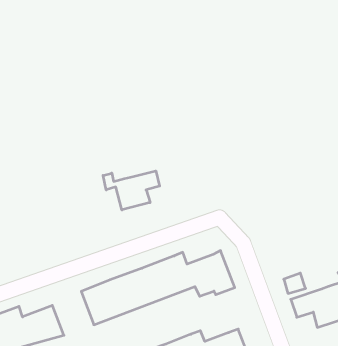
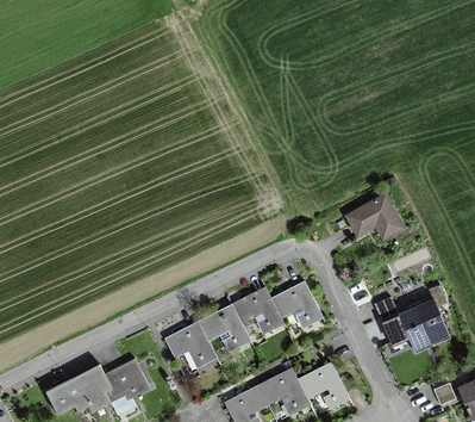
building: [103,171,160,210] -> none
building: none -> [343,192,405,241]

